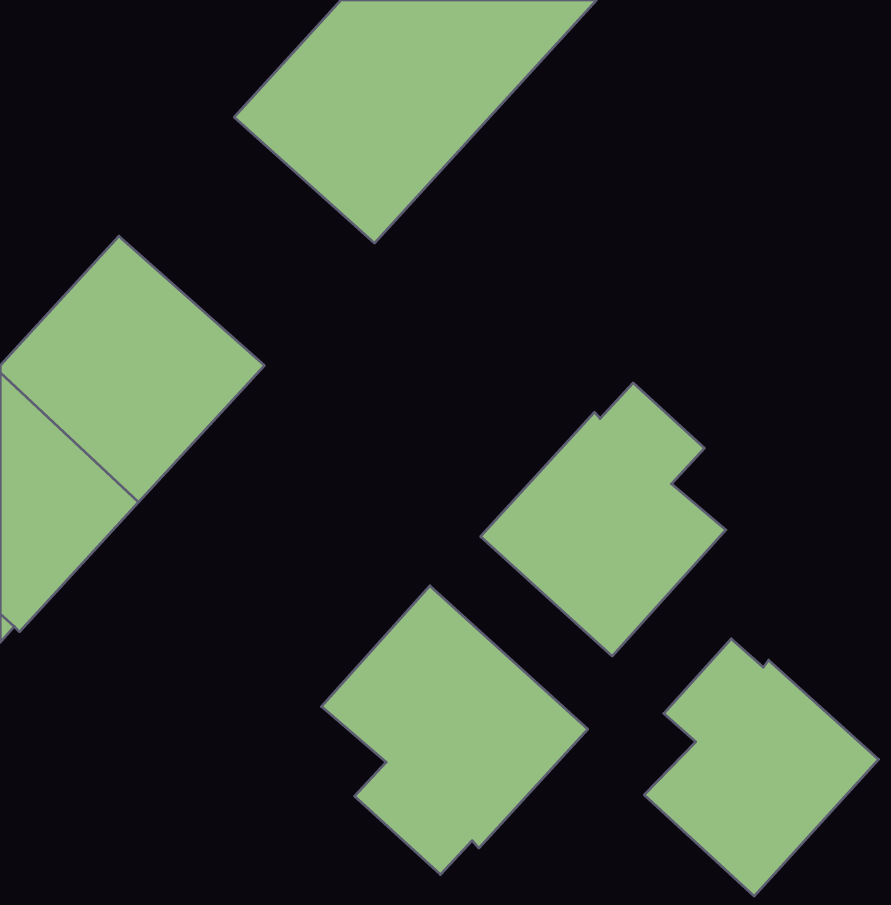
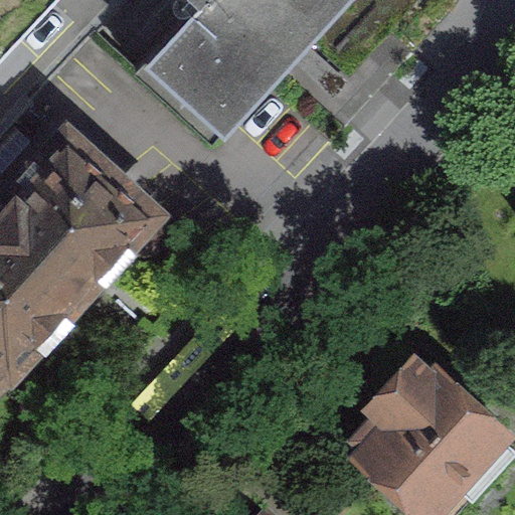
building: [481,383,726,656] -> none
building: [321,586,588,875] -> none

